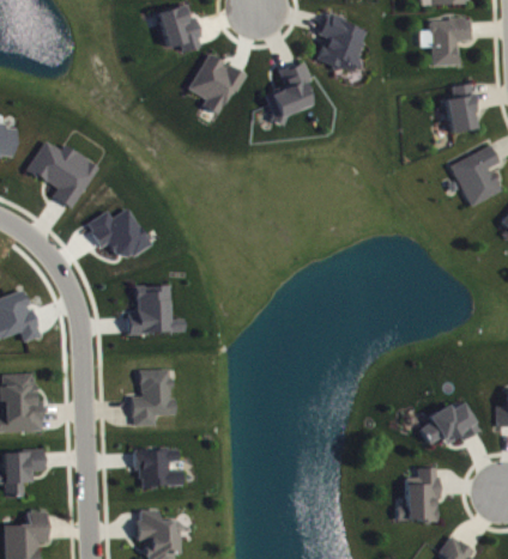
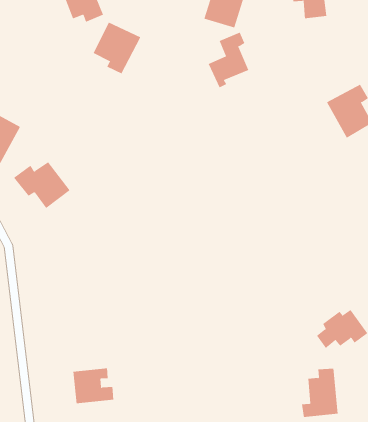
building: [265,62,312,124] -> [208,32,249,88]
building: [447,84,477,132] -> none
building: [128,285,186,334] -> none
building: [133,370,176,426] -> none

